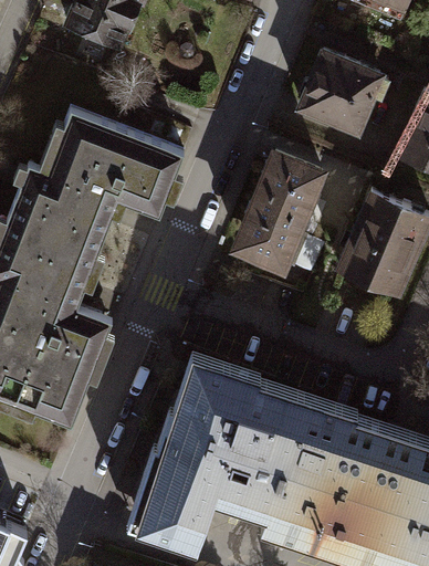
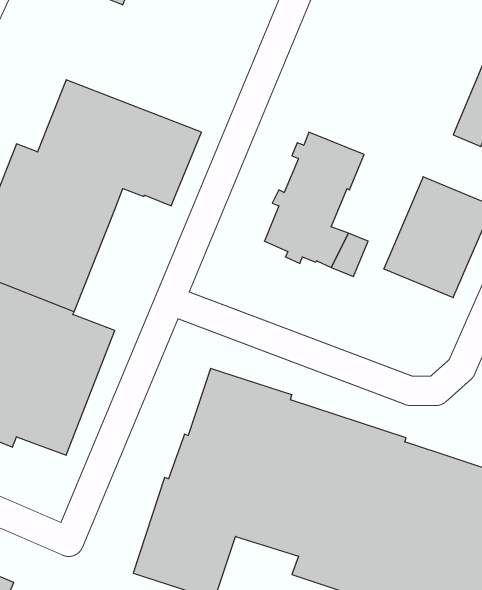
building: [299,54,380,133] -> none

